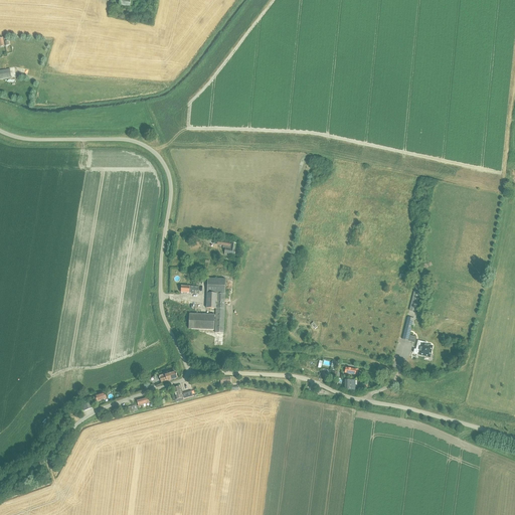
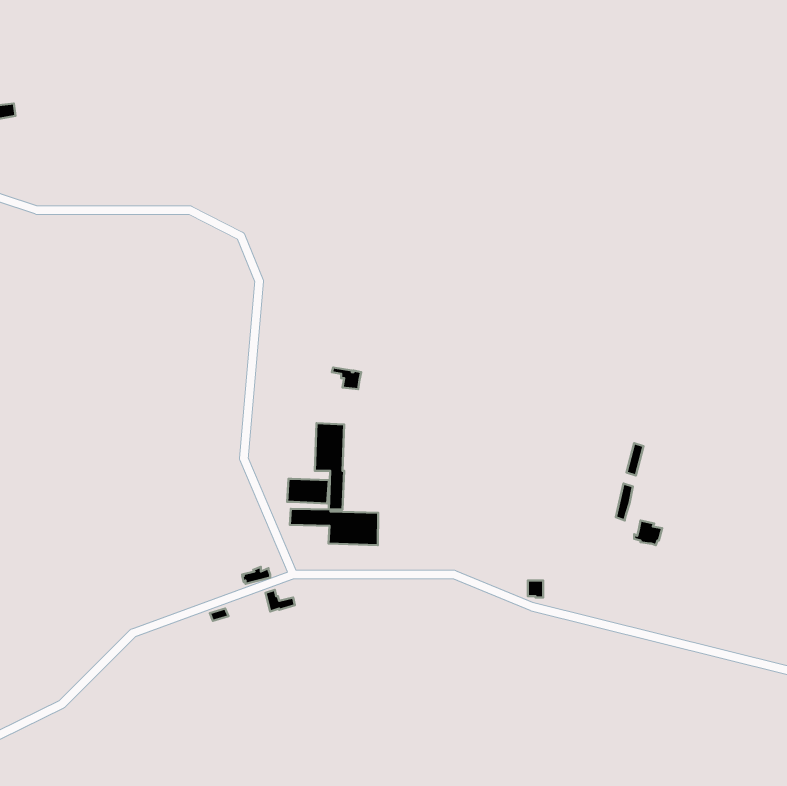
building: none -> [290,509,378,545]

